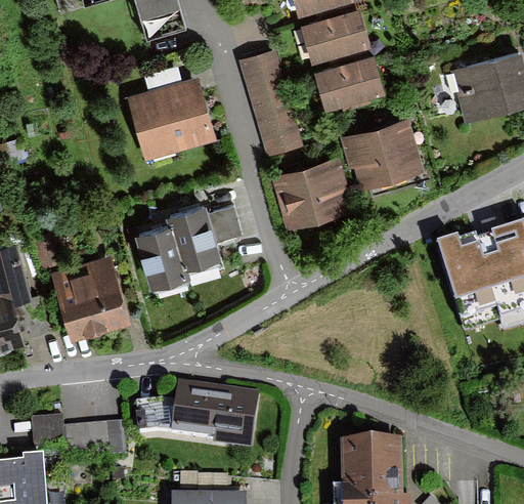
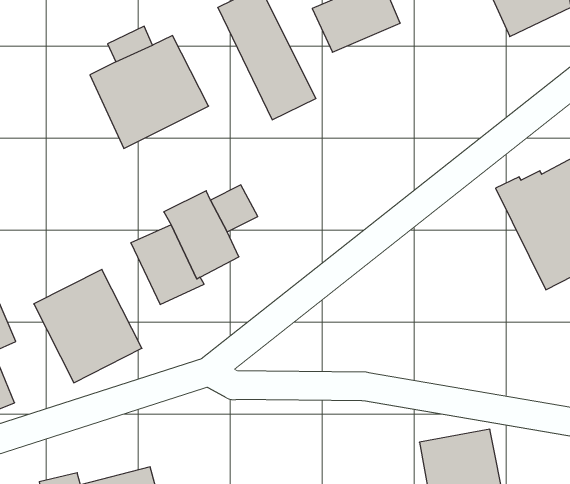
building: [341,122,424,195] -> none
building: [273,158,352,233] -> none
building: [137,377,258,443] -> none

